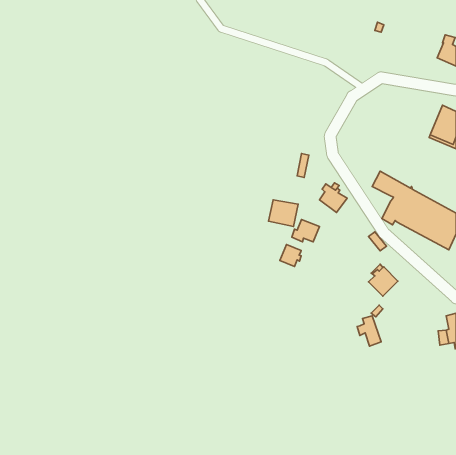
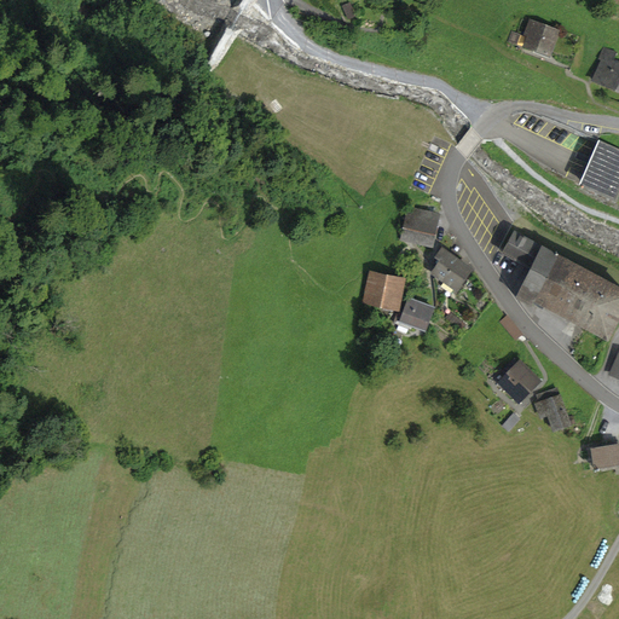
building: none -> [526,21,556,53]
building: none -> [412,210,439,245]
building: [280,244,301,266] -> none
building: [357,316,381,346] -> [537,388,569,429]

